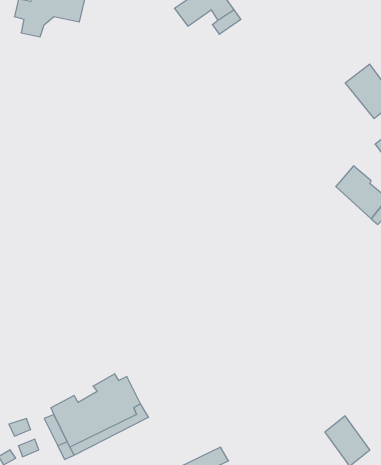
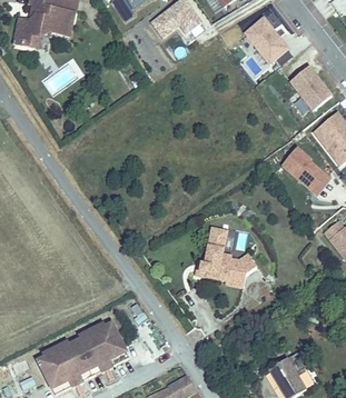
building: none -> [243,18,286,63]
building: none -> [199,222,259,283]

